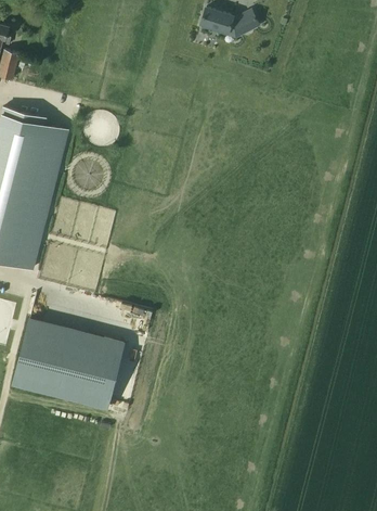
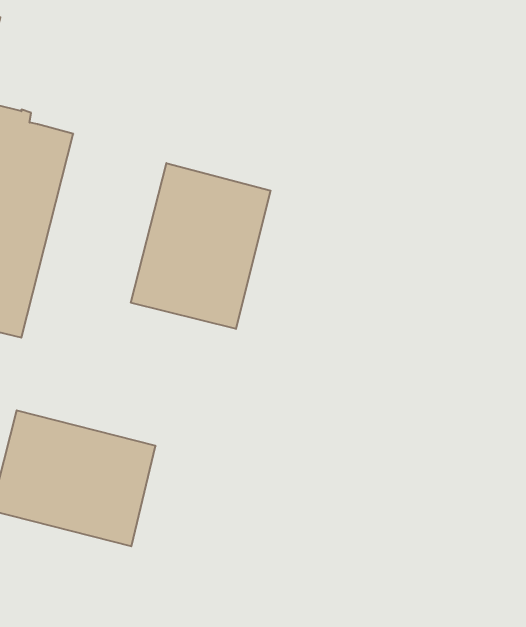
building: none -> [131,163,271,329]

